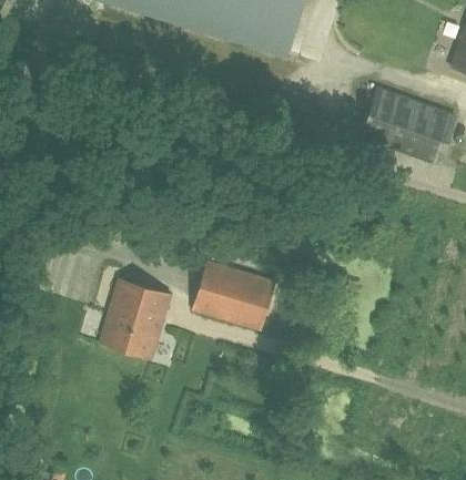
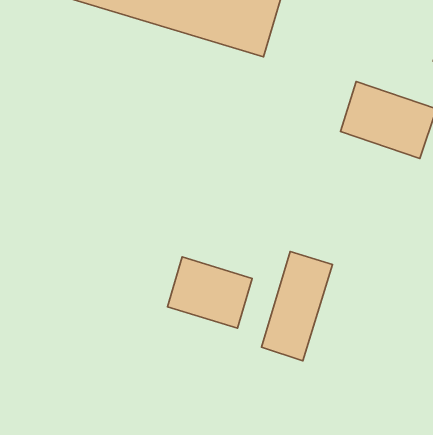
building: none -> [261,252,333,361]
building: [99,277,170,357] -> none

